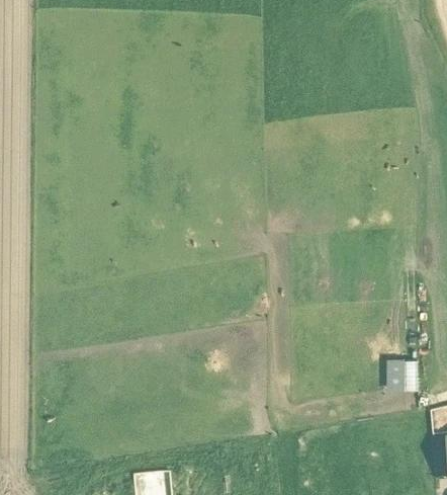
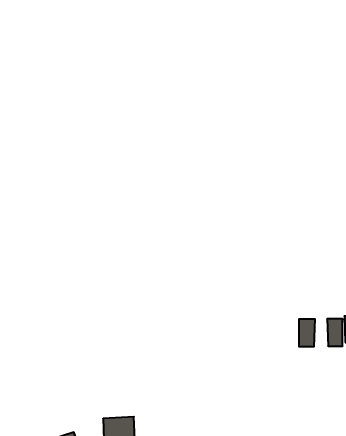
building: none -> [299,319,315,347]

